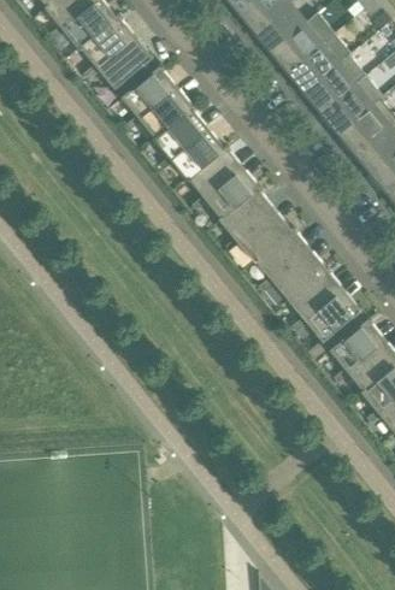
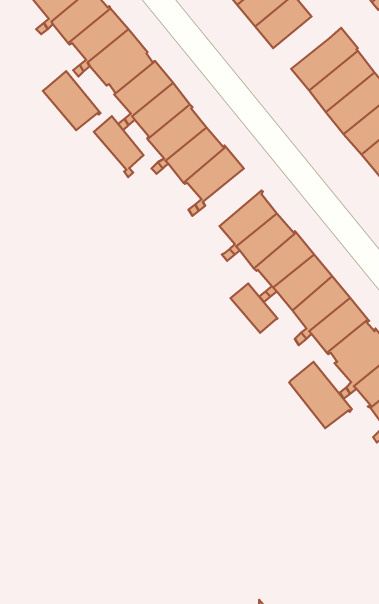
building: [271,13,335,72] -> none
building: none -> [43,71,100,130]
building: none -> [94,116,144,177]
building: [205,166,260,220] -> none
building: none -> [231,284,278,333]
building: none -> [289,362,352,428]

